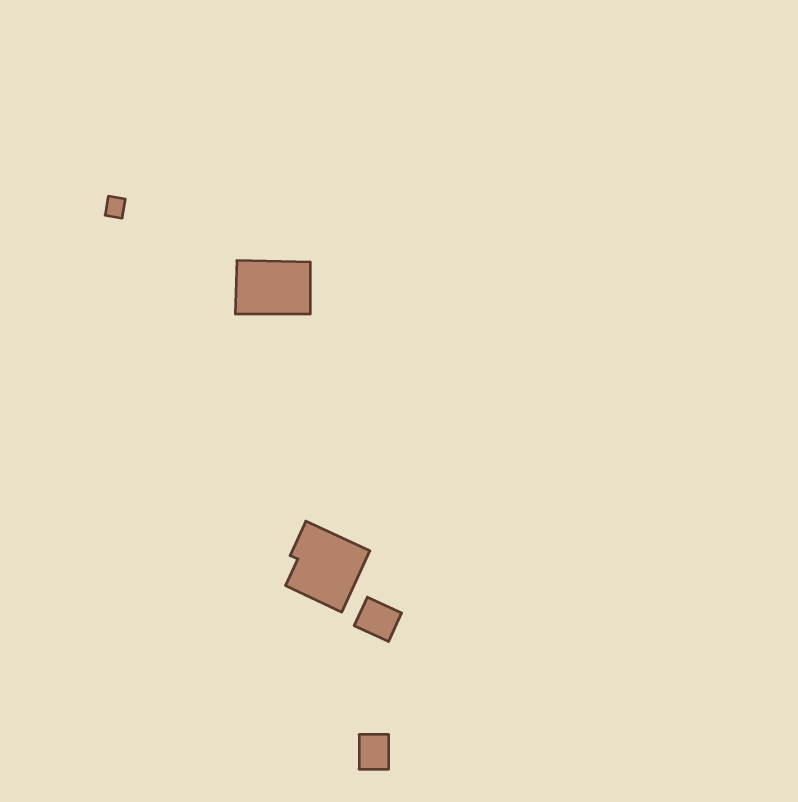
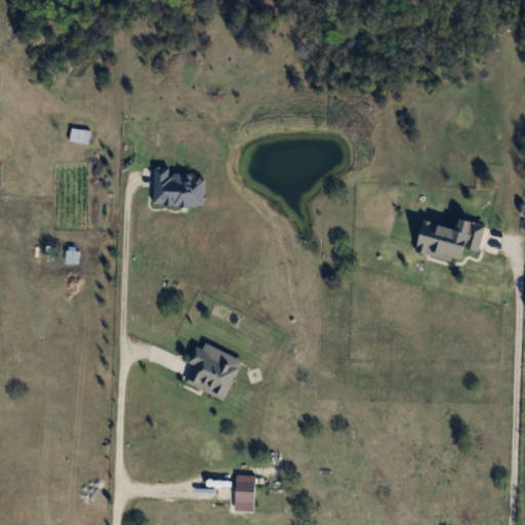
building: none -> [415,218,485,264]
building: [354,597,402,642] -> none

